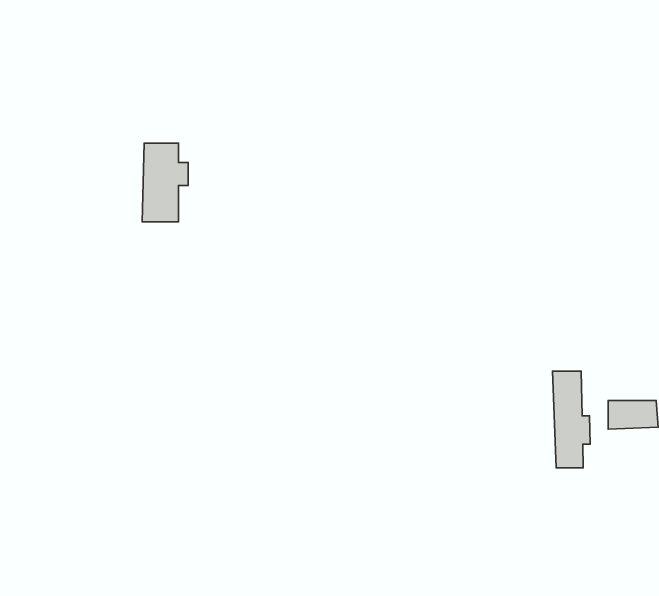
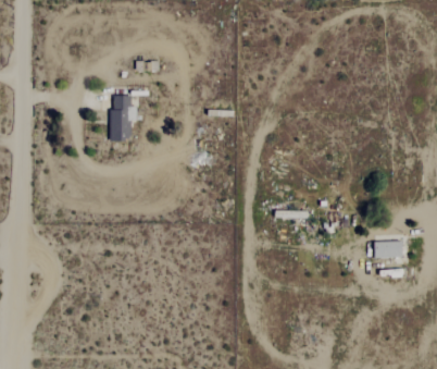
building: [553,371,590,468] -> none

